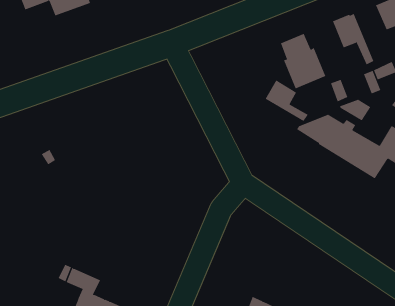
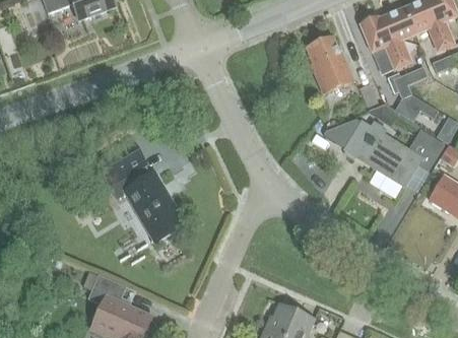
building: none -> [383,8,415,65]
building: [265,80,308,122] -> none
building: none -> [97,141,187,242]

